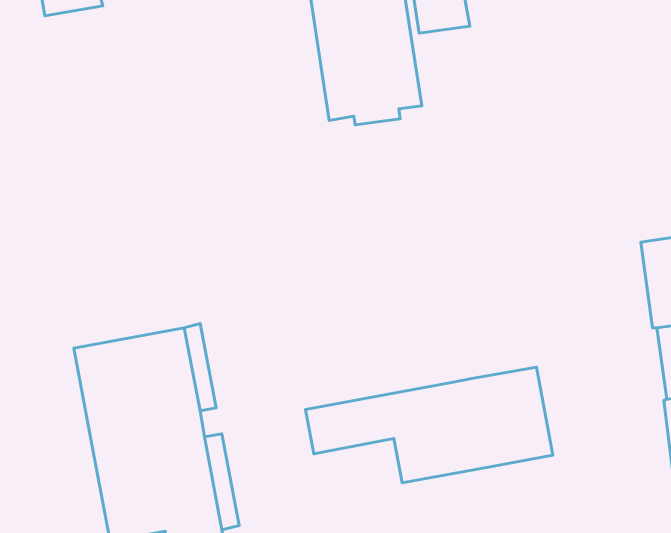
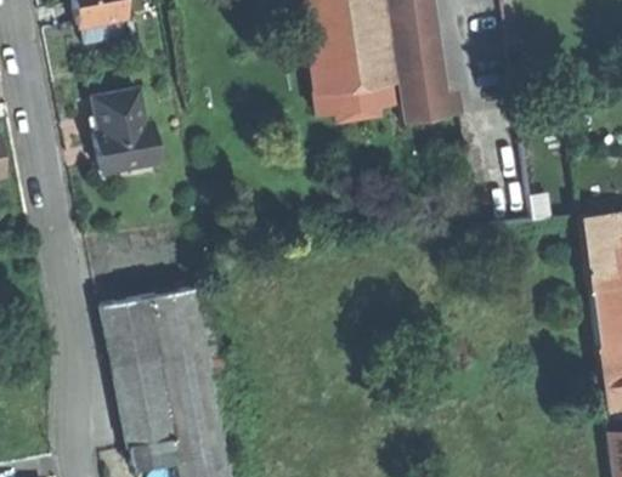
building: none -> [392,38,446,123]
building: none -> [96,93,162,175]
building: [306,367,553,483] -> none

